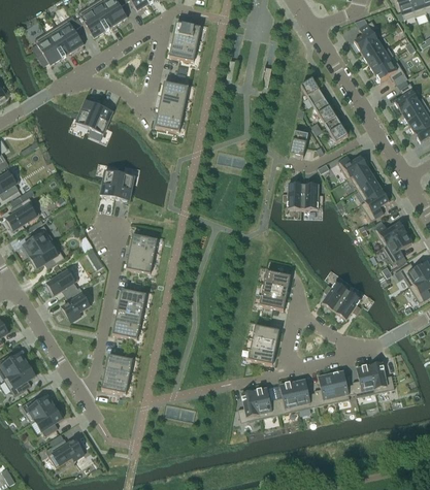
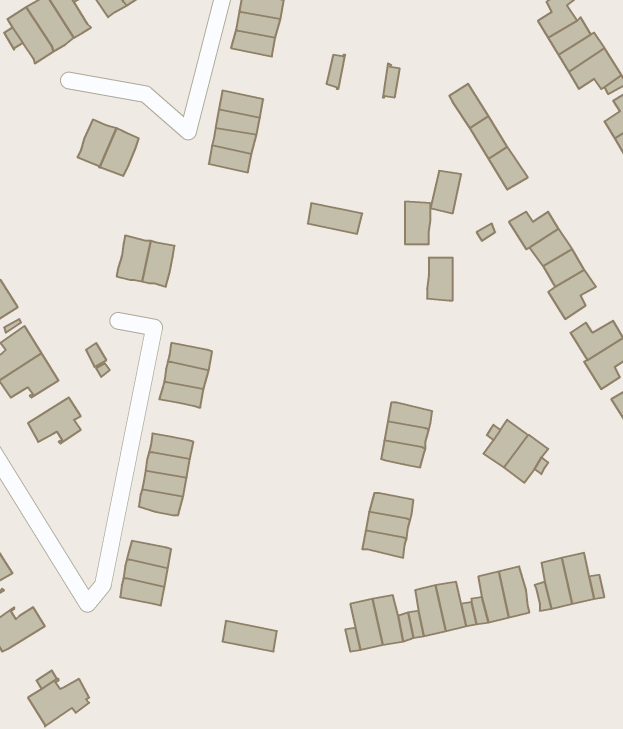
building: [302,183,318,208] -> [405,202,430,244]
building: [60,286,91,320] -> none
building: [34,405,63,434] -> none

